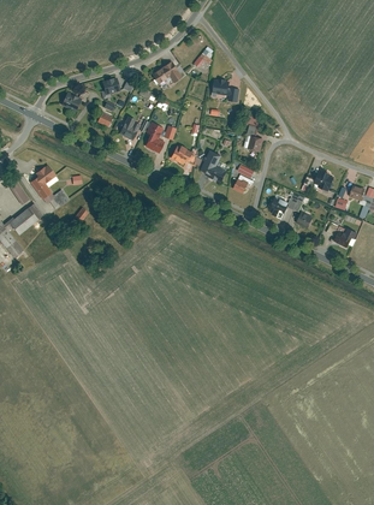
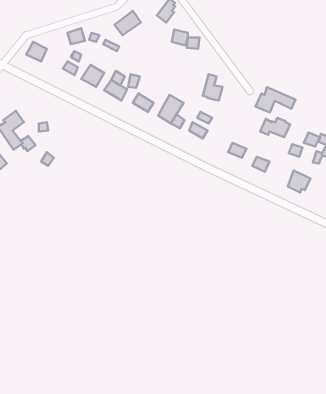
building: none -> [255,87,296,113]

